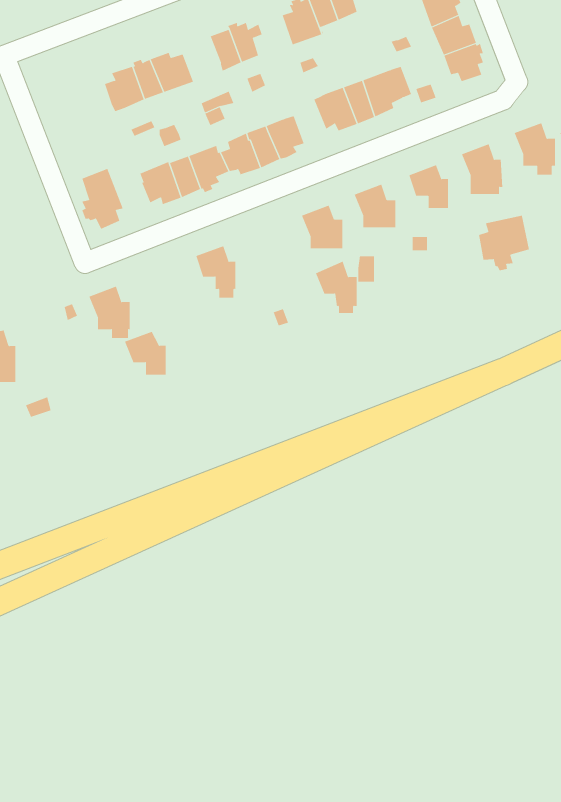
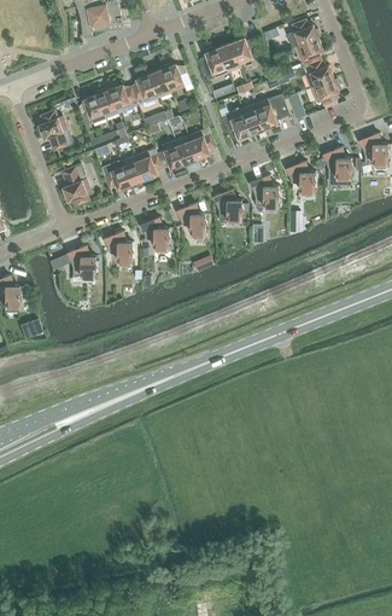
building: none -> [131,72,158,105]
building: none -> [36,110,72,151]
building: [478,215,530,271] -> none
building: [315,261,357,313] -> [176,203,205,239]
building: [124,331,166,375] -> [103,232,131,262]

